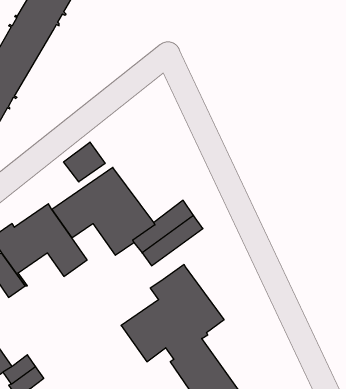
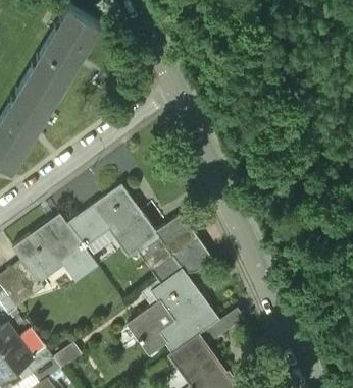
building: [64,142,105,182] -> none
building: none -> [155,239,215,285]

